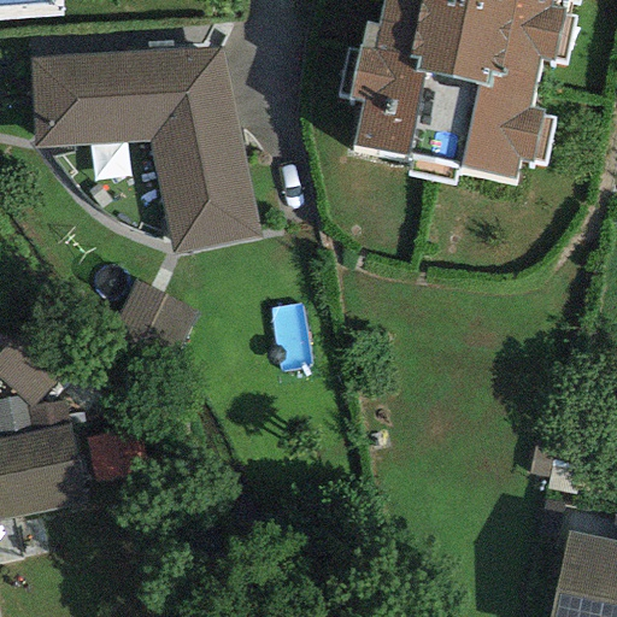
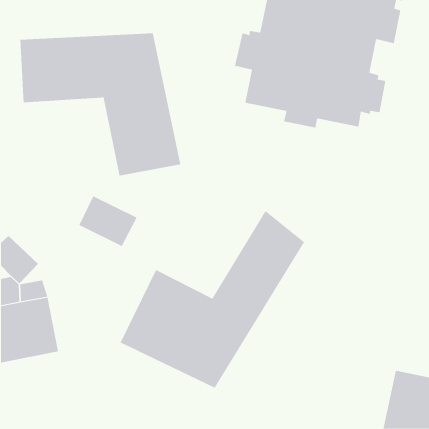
building: none -> [120,210,305,389]

